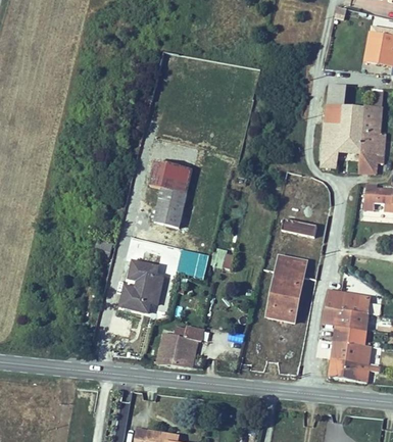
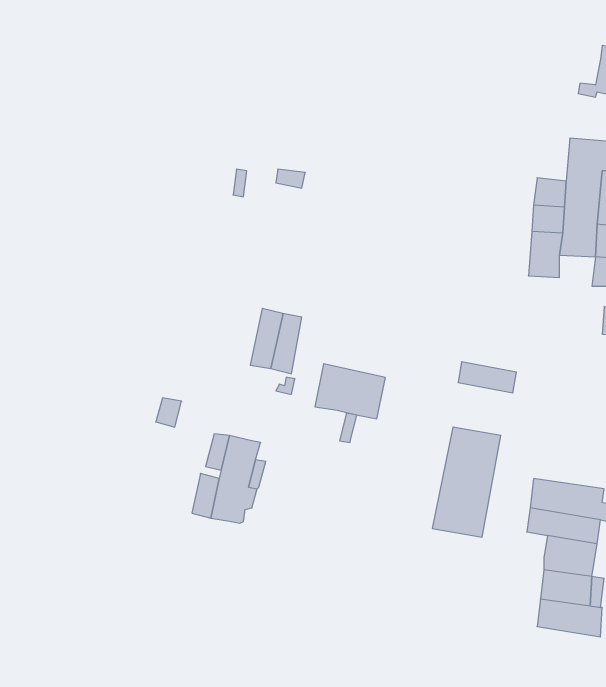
building: [328,85,347,111] -> none
building: [151,159,193,192] -> [315,364,385,419]
building: [154,327,195,369] -> none

